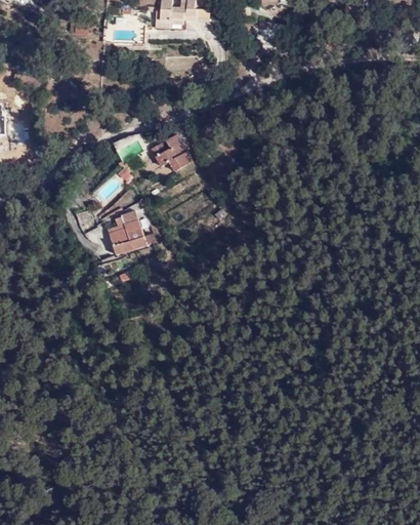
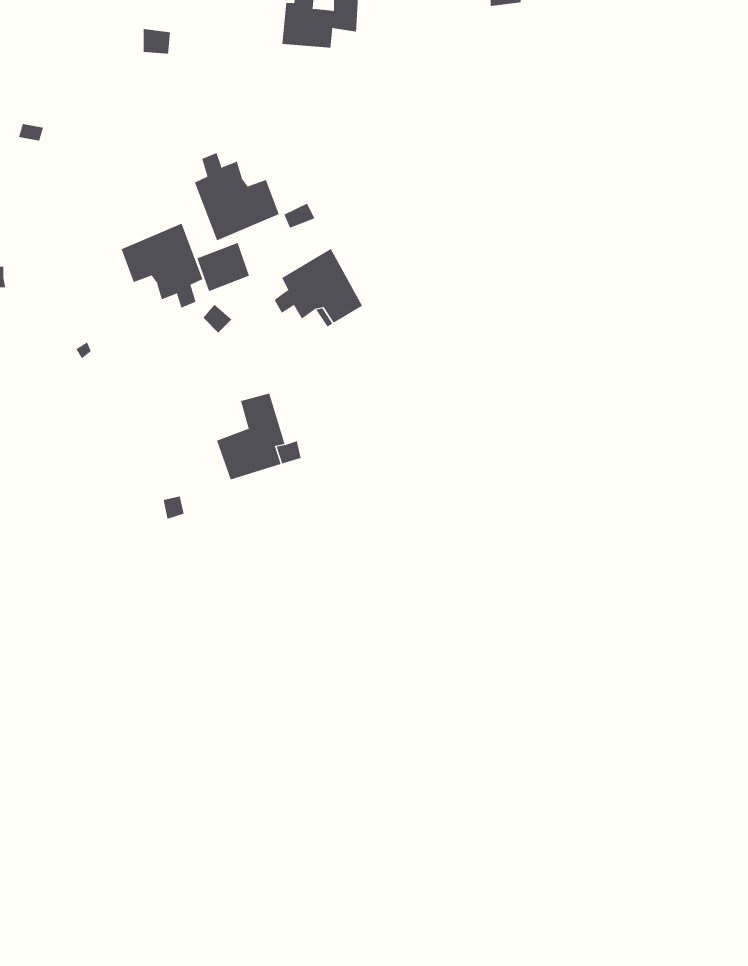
building: none -> [194,152,279,241]
building: none -> [121,223,203,308]

